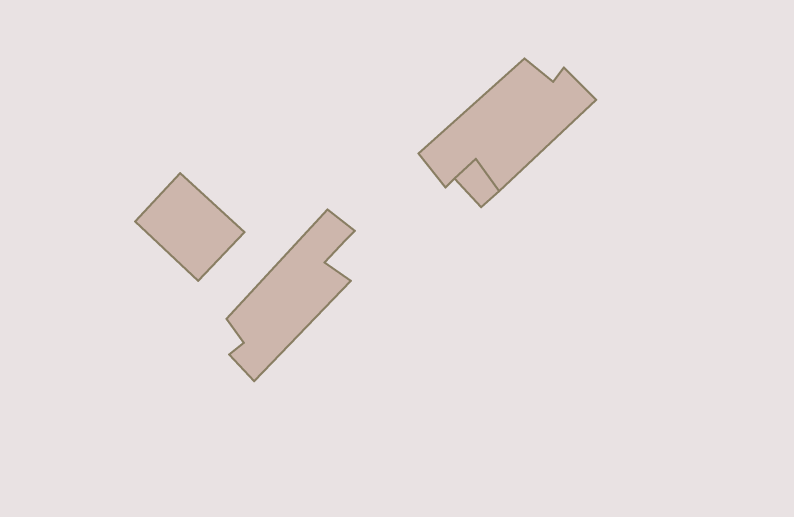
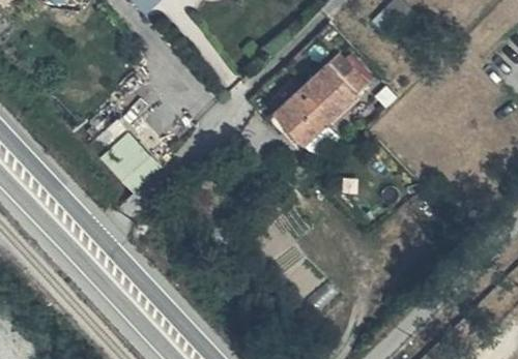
building: [226,210,355,381] -> none

